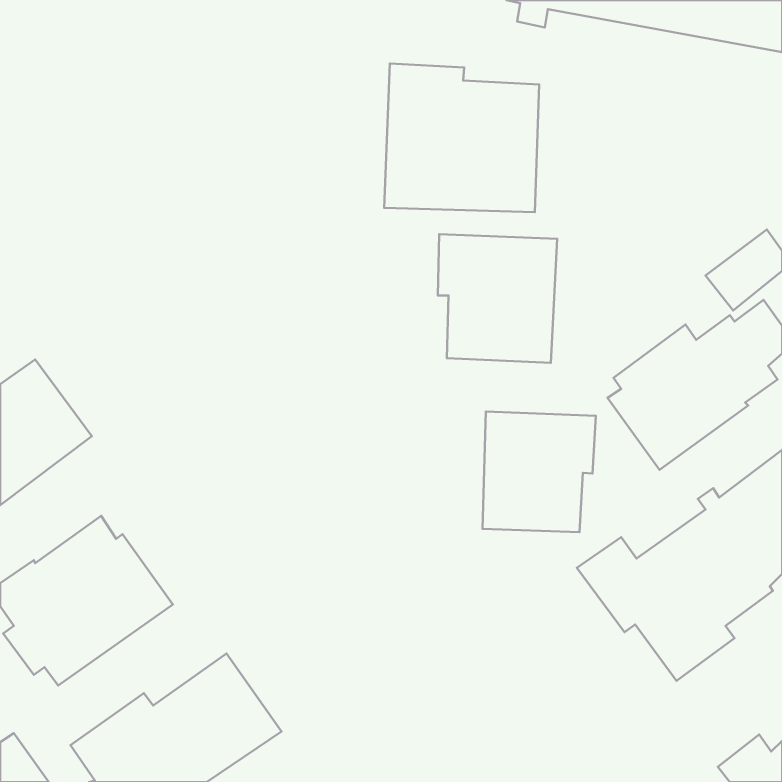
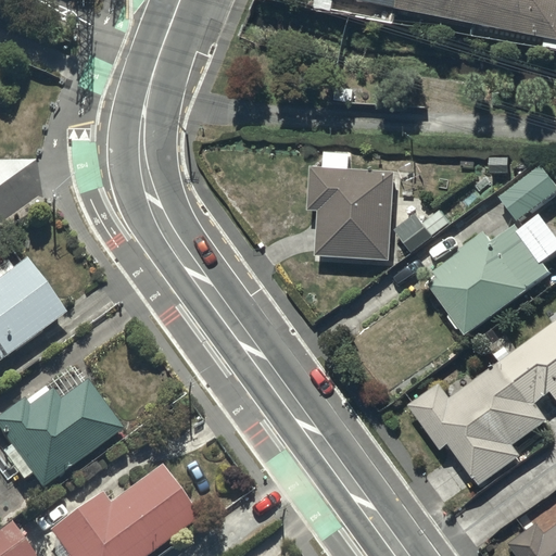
building: [384,63,539,212] -> none
building: [482,411,596,532] -> none

